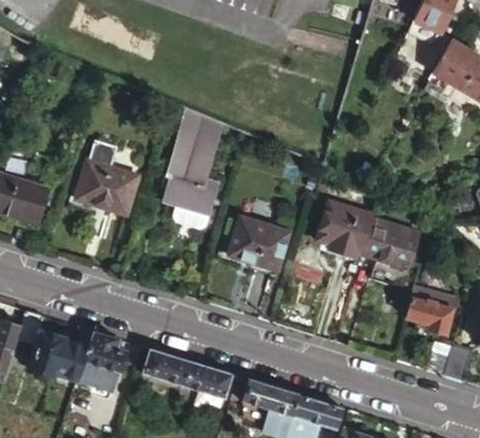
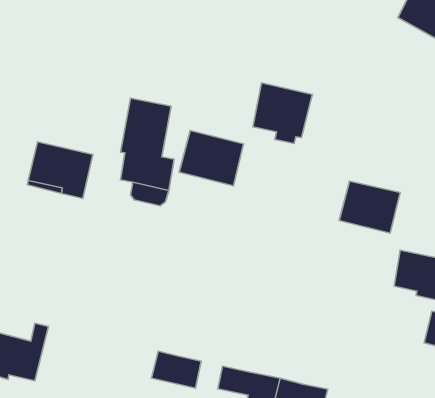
building: [320,201,376,259] -> [253,83,312,144]
building: [231,217,292,271] -> [179,130,244,186]
building: [74,330,126,391] -> none
building: [139,348,189,385] -> none

